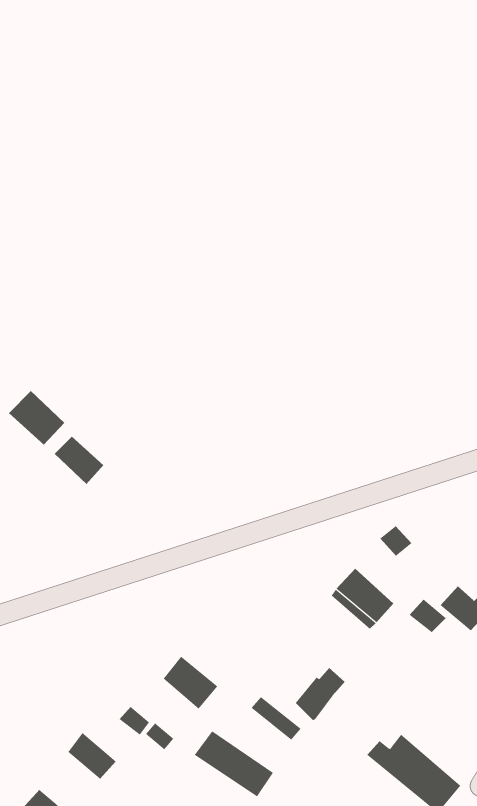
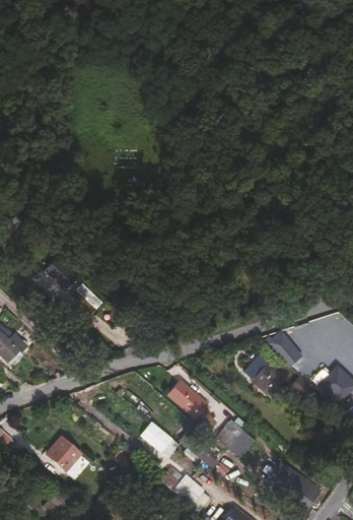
building: none -> [170,383,210,420]
building: [67,732,116,779] -> [51,443,81,472]

